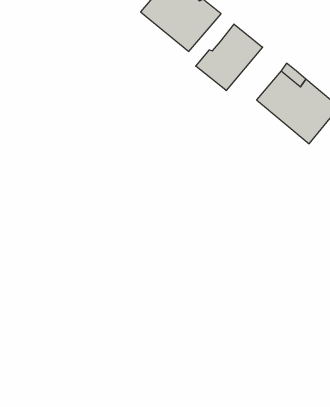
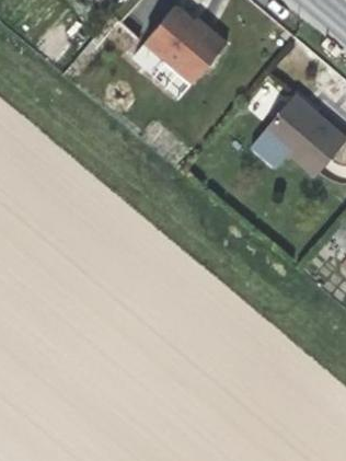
building: [196,24,263,91] -> none

